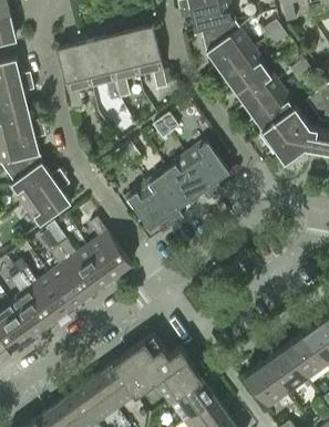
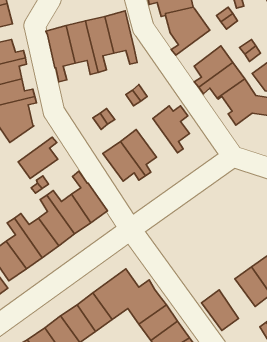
building: [213,49,267,92] -> none
building: [165,155,215,201] -> none
building: [9,164,64,207] -> none
building: [265,347,308,395] -> none

